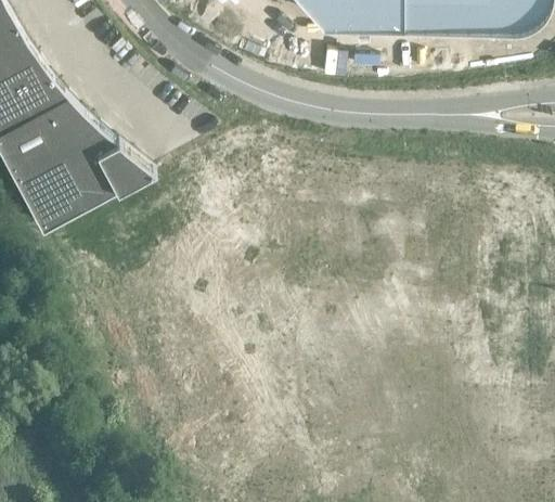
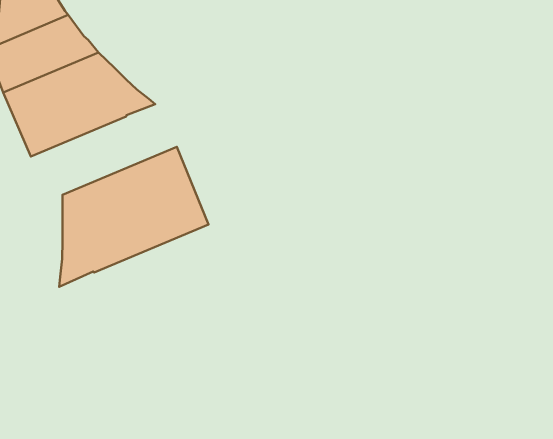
building: none -> [59,147,208,287]

